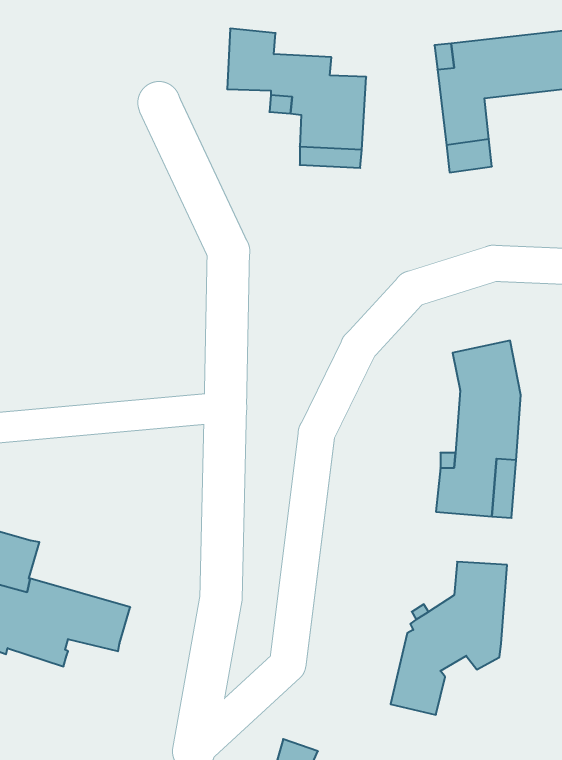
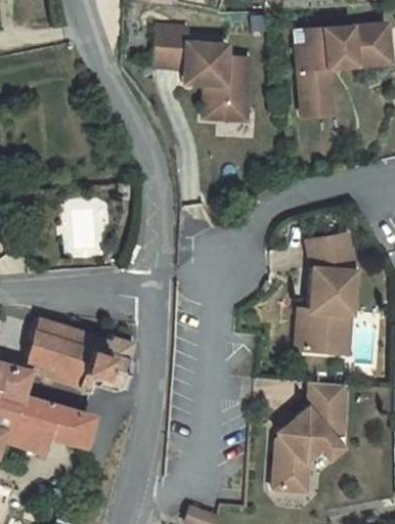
building: none -> [24,317,135,392]

